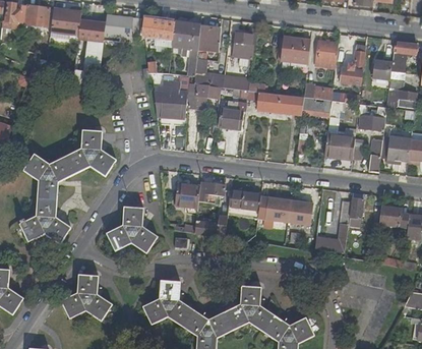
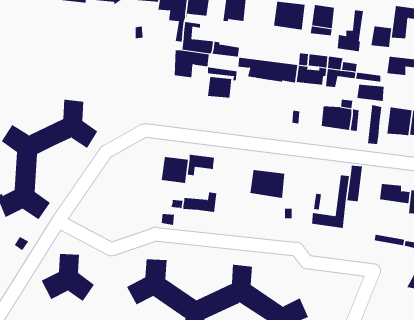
building: [150,74,186,116] -> none
building: [228,189,260,218] -> none
building: [289,199,314,226] -> none
building: [106,207,158,252] -> none

